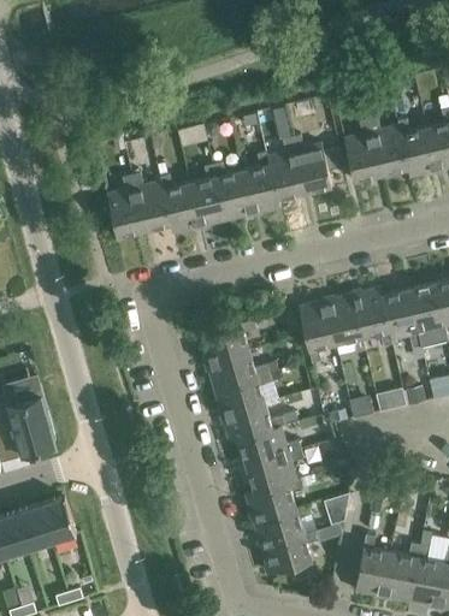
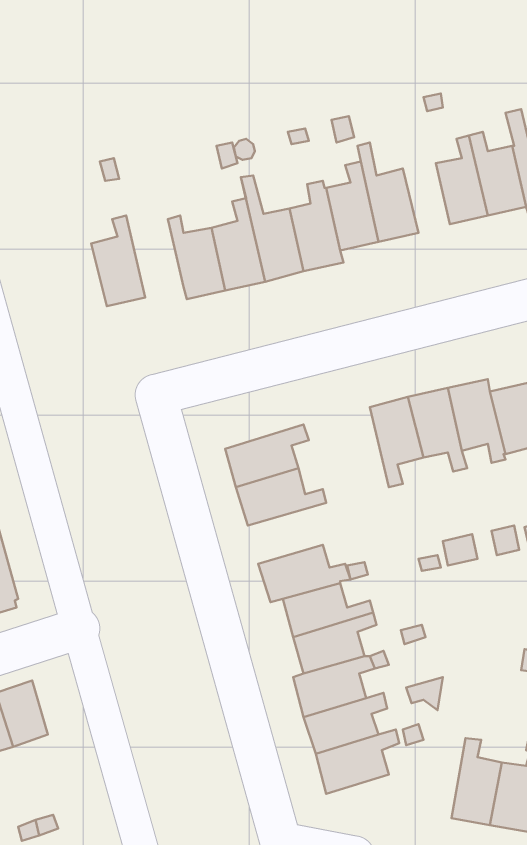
building: [130,174,170,232] -> none
building: [214,374,271,416] -> none

